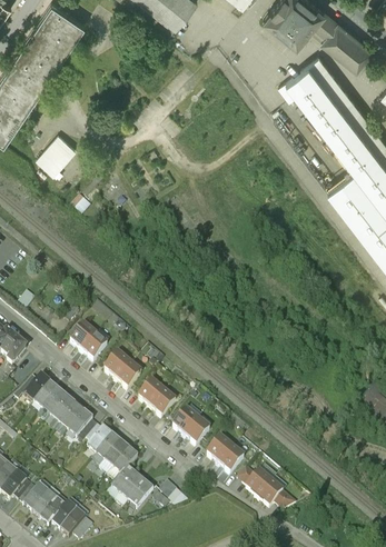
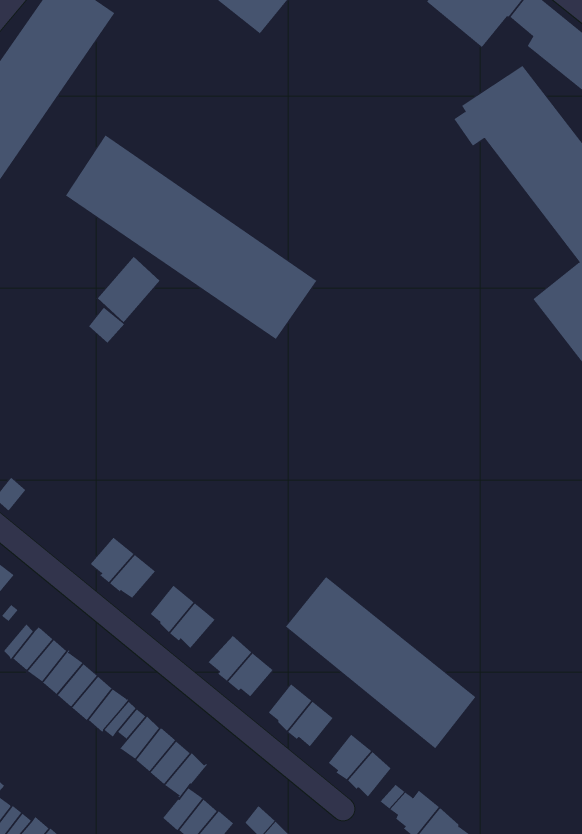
building: none -> [65,135,317,340]
building: [39,133,76,172] -> [97,256,160,323]
building: none -> [285,576,476,749]

